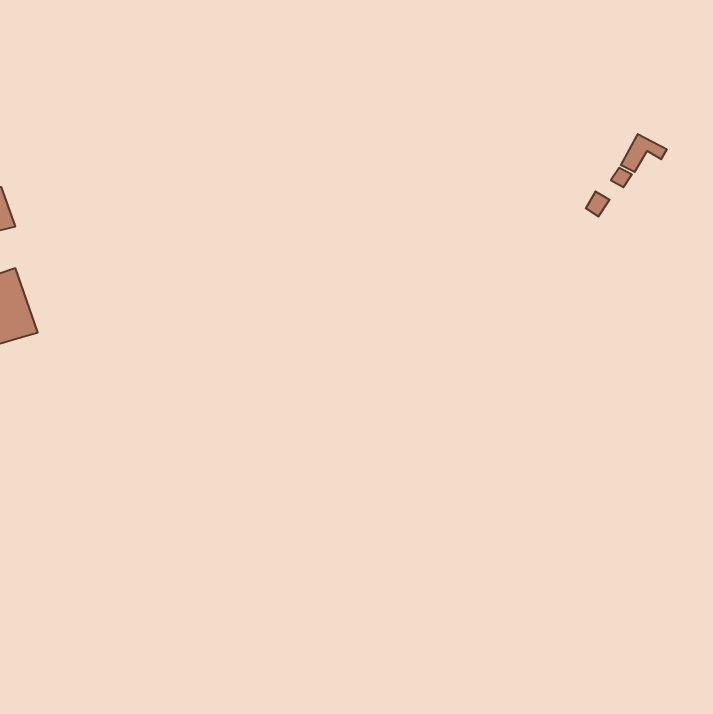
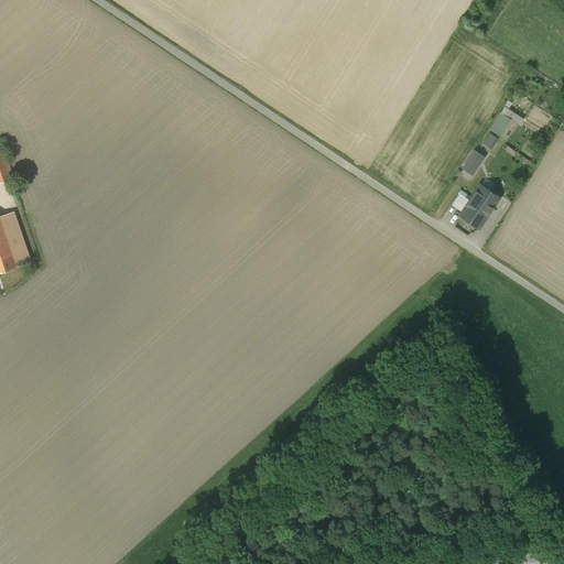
building: none -> [458,185,497,228]

